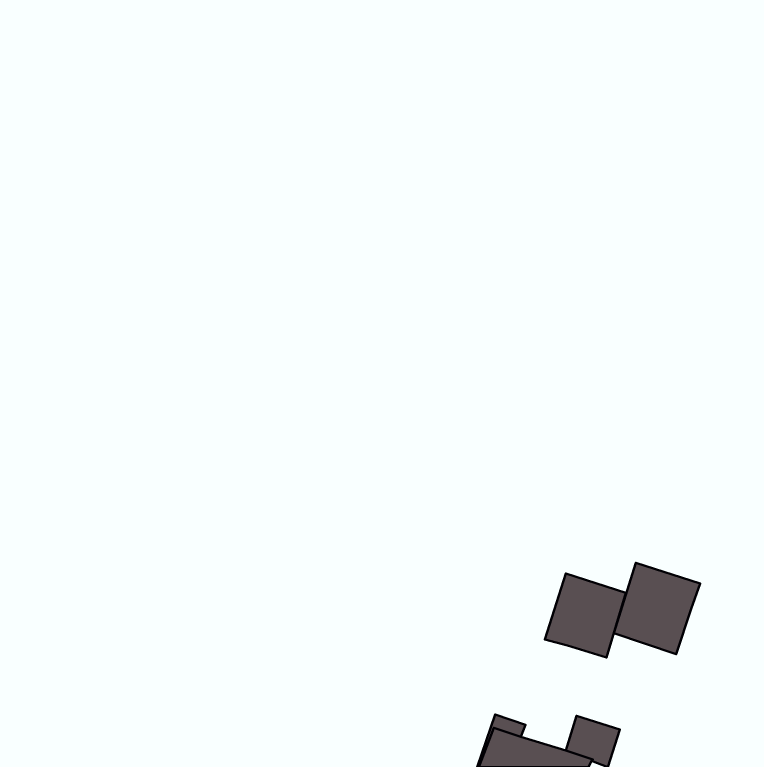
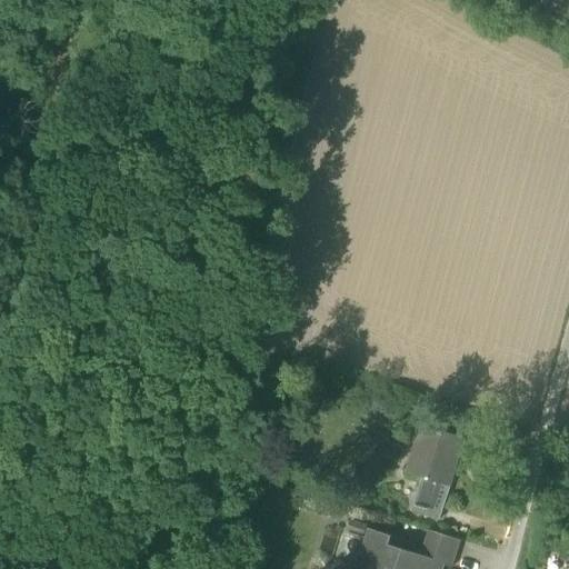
building: [614,563,700,654] -> none
building: none -> [410,478,449,521]

